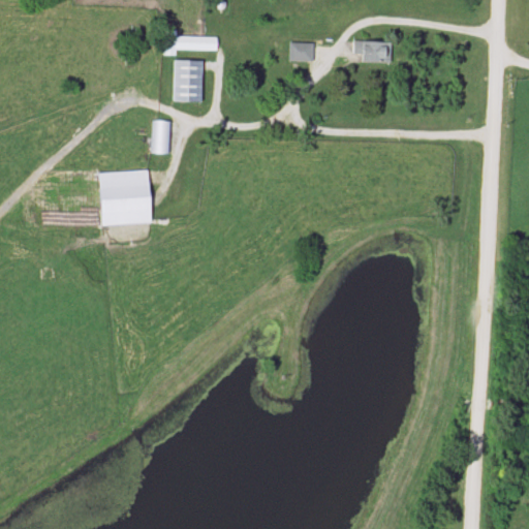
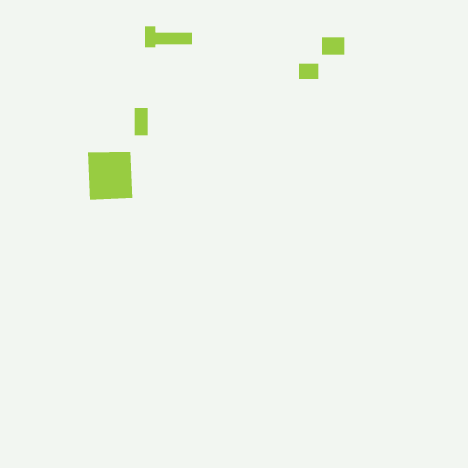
building: [289,41,313,60] -> [298,63,319,80]
building: [174,59,201,100] -> none

